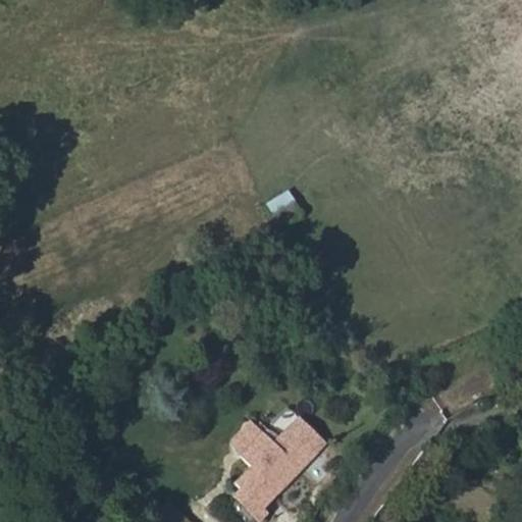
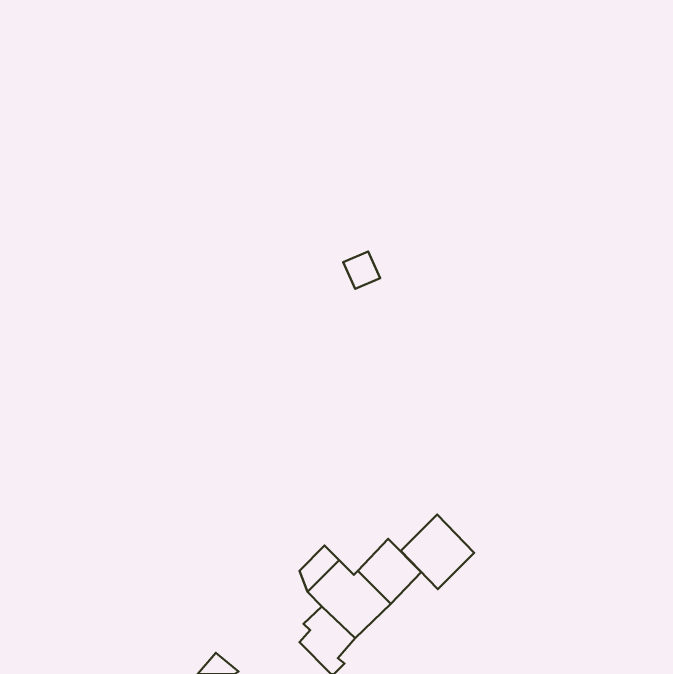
building: none -> [401,514,474,589]

